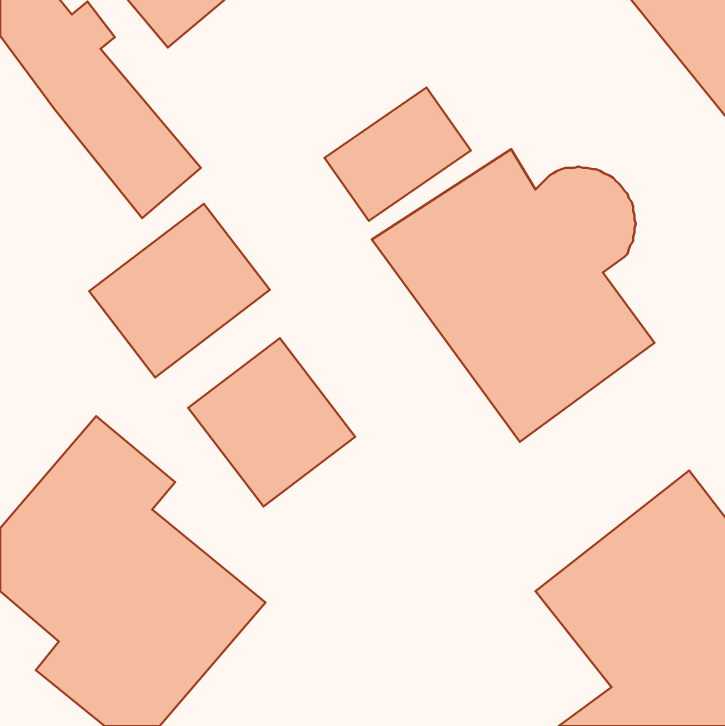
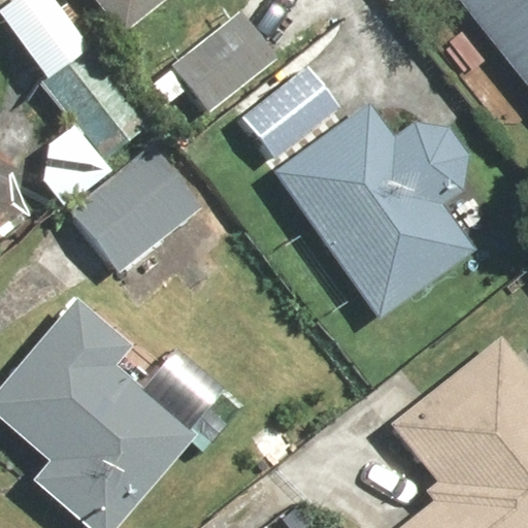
building: none -> [153,10,274,109]
building: [188,338,355,507] -> none

